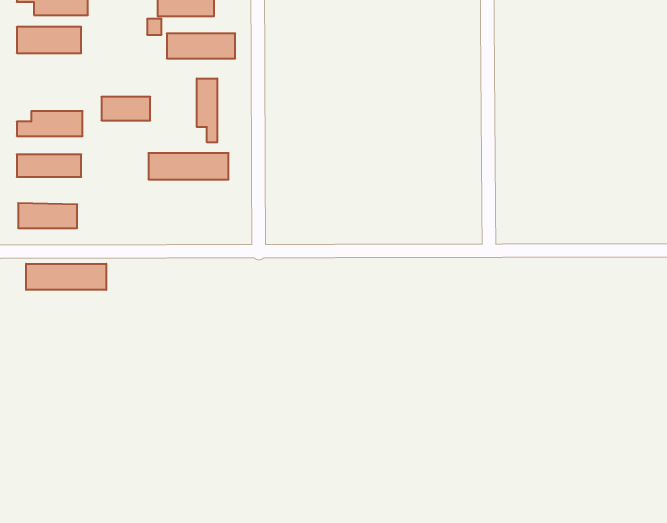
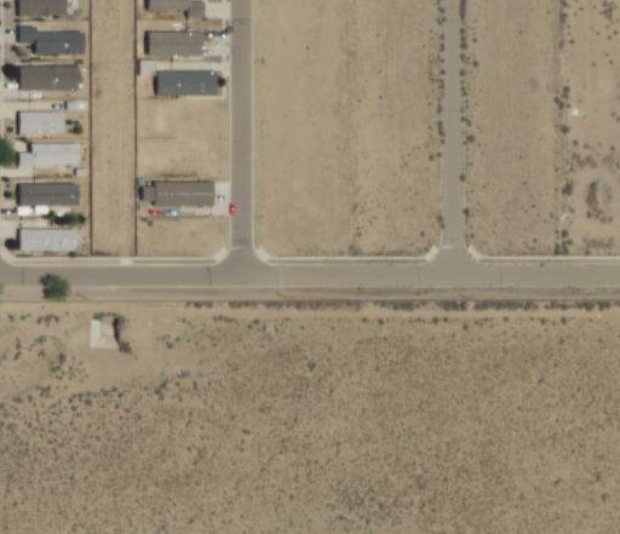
building: [197,78,217,142] -> none
building: [101,97,150,120] -> [19,110,64,132]
building: [26,264,106,290] -> none

